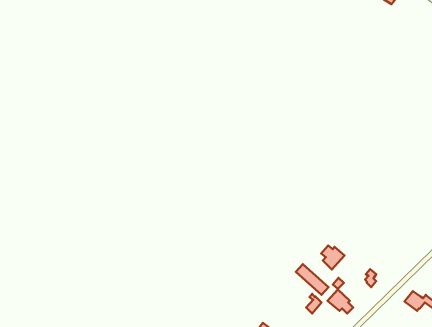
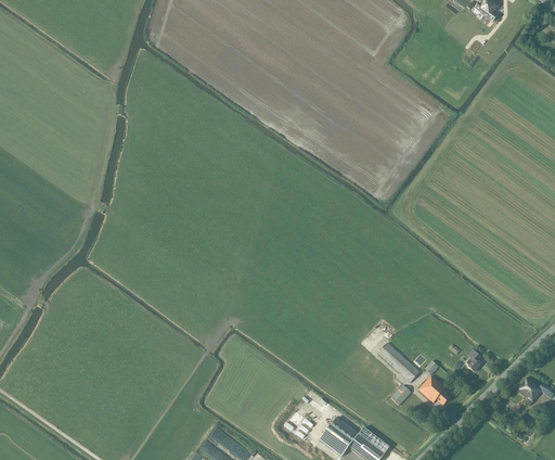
building: [321,245,345,270] -> none

